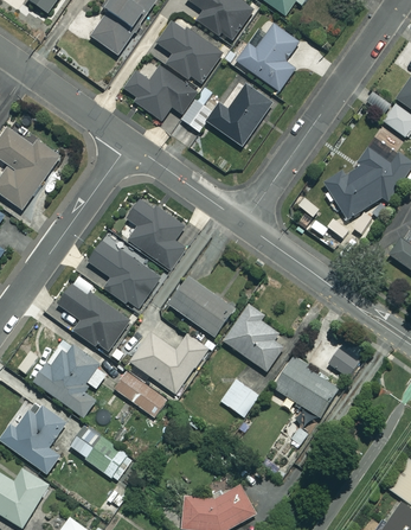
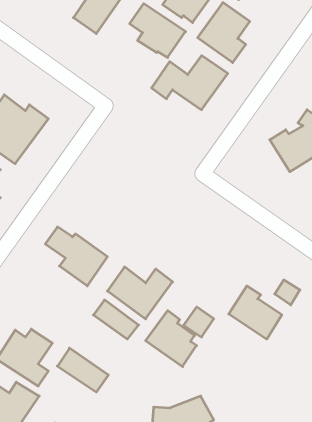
building: [123,65,198,121] -> none
building: [126,199,184,268] -> none
building: [88,242,160,309] -> none
building: [168,276,232,334] -> none
building: [223,304,283,370] -> [146,311,197,367]
building: [32,337,109,416] -> none

